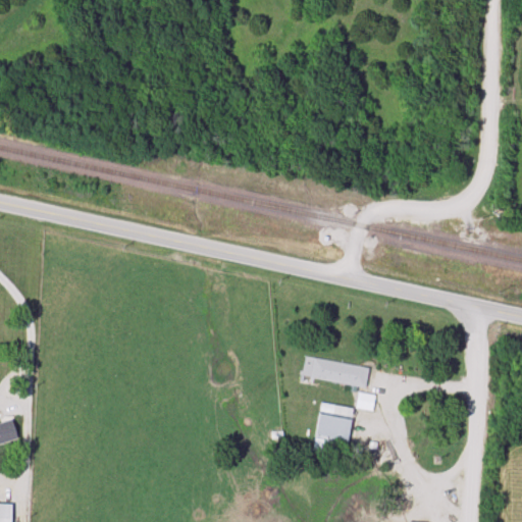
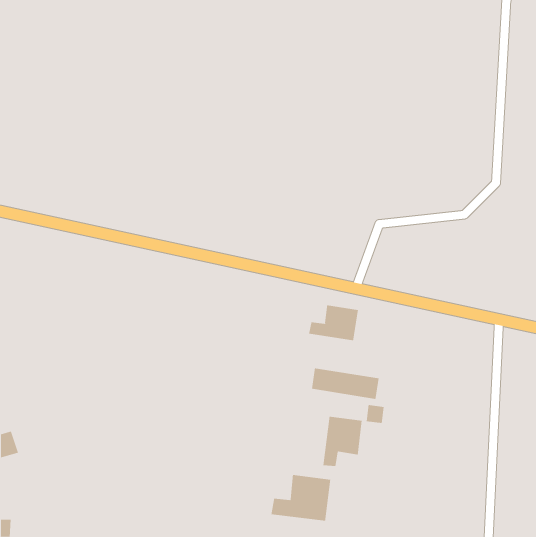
building: none -> [308,304,359,341]
building: none -> [271,474,331,521]

